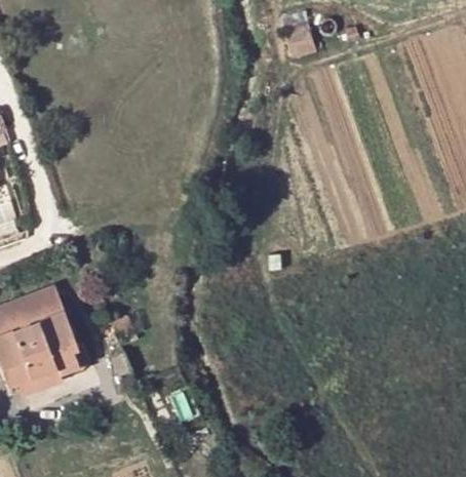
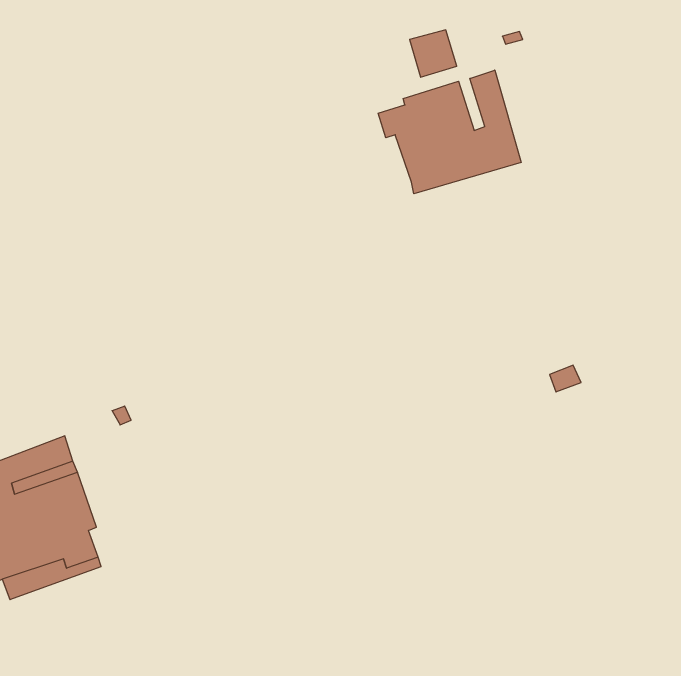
building: none -> [378,70,521,194]

